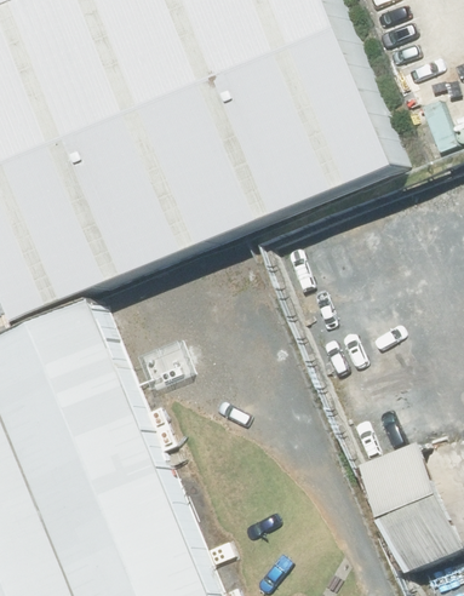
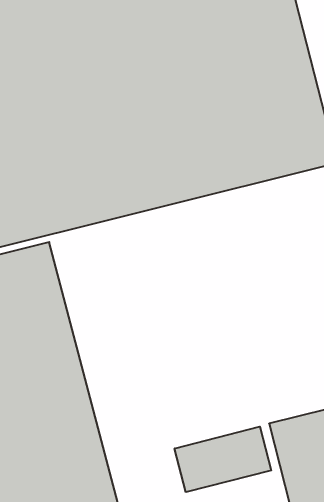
building: none -> [175,427,271,492]

